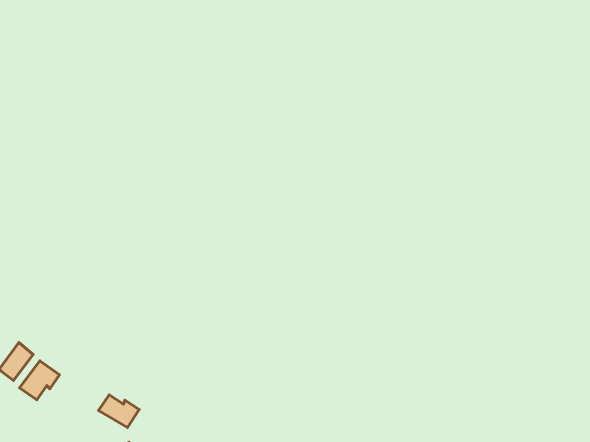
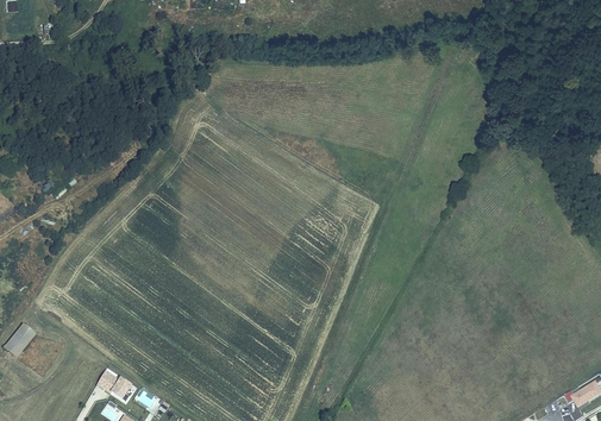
building: [20,361,60,400] -> none

